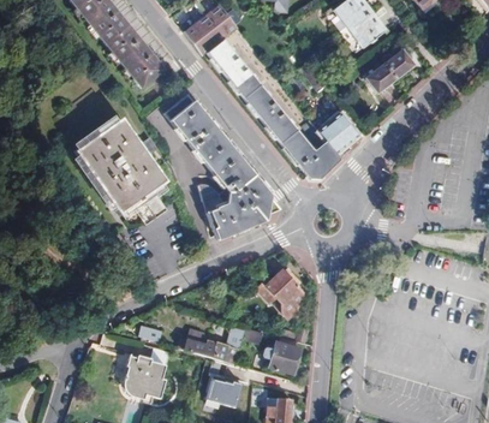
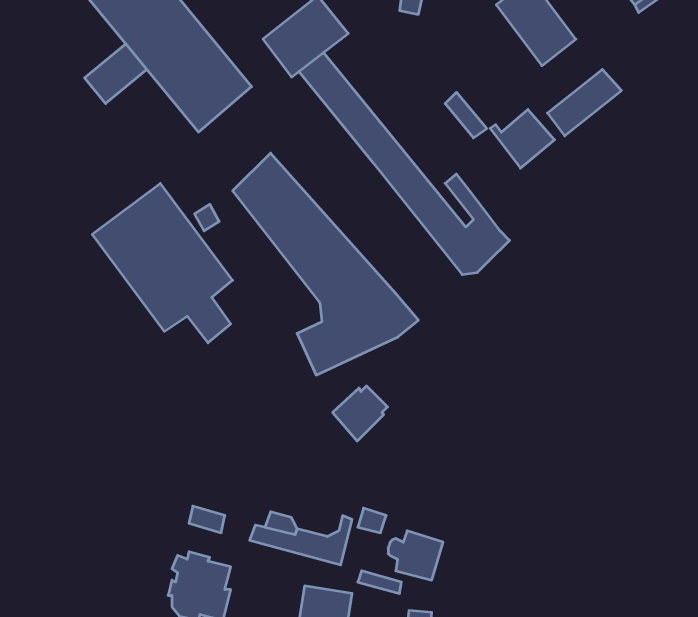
building: none -> [85,44,147,104]
building: [316,114,357,151] -> [490,109,555,168]
building: [266,268,300,303] -> [333,386,388,441]

